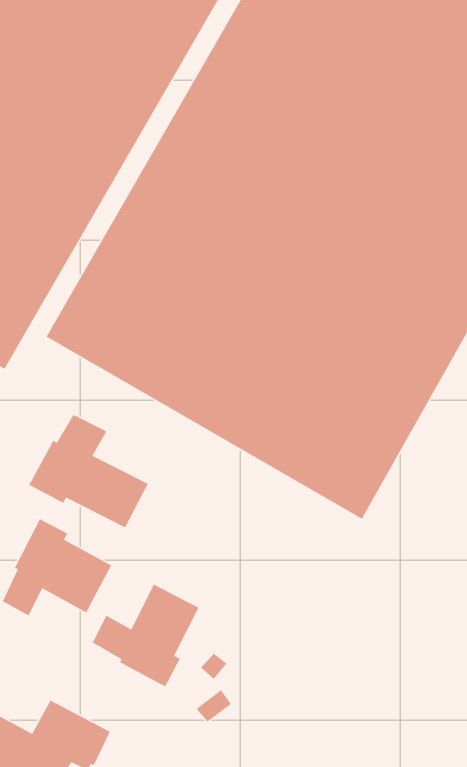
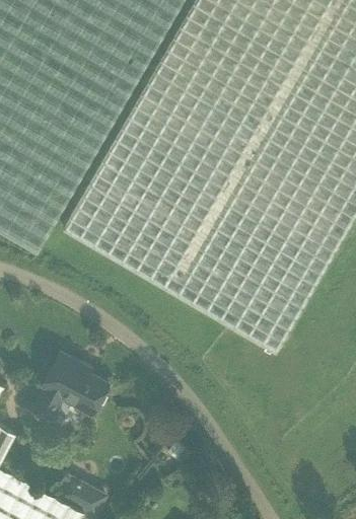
building: [28,414,149,528] -> none
building: [92,584,200,687] -> none

